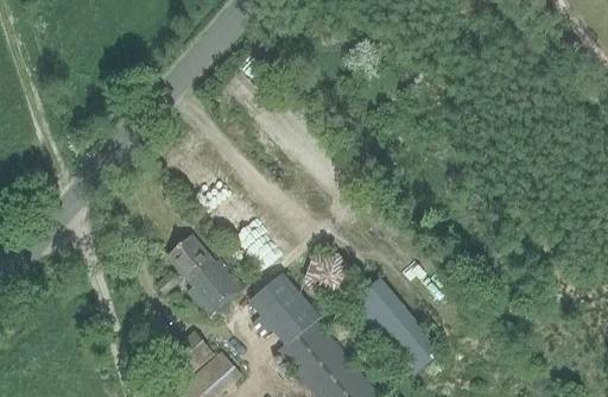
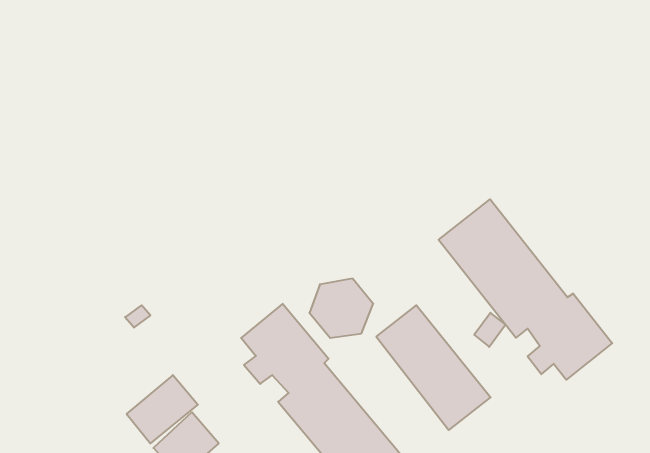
building: none -> [439,199,612,380]
building: [166,234,243,316] -> none

